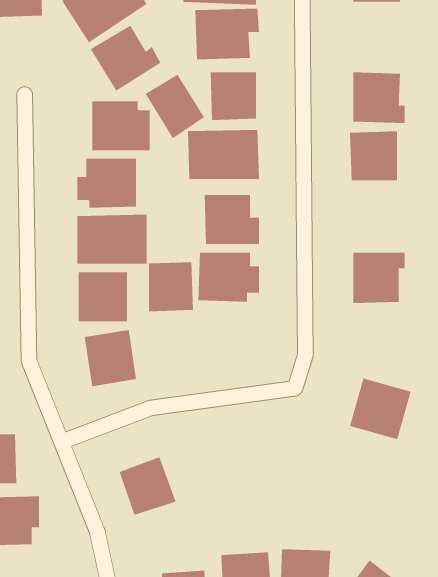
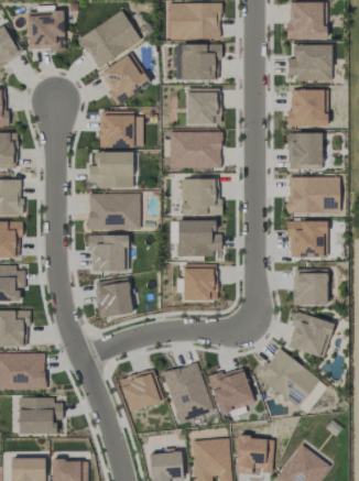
building: none -> [286,44,331,80]
building: [145,74,205,139] -> none
building: none -> [287,176,339,212]
building: [148,262,194,312] -> [183,264,216,300]
building: none -> [292,269,327,305]
building: none -> [255,347,319,407]
building: none -> [162,361,214,423]
building: none -> [207,365,254,414]

